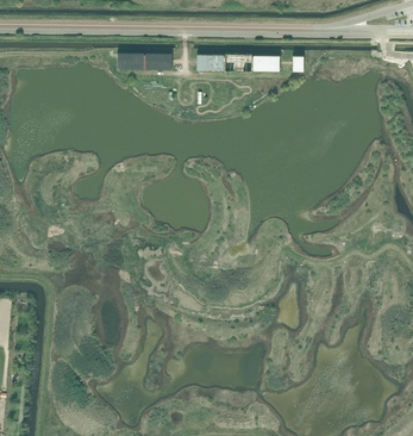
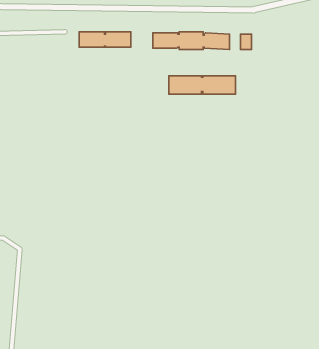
building: none -> [169,76,235,94]

